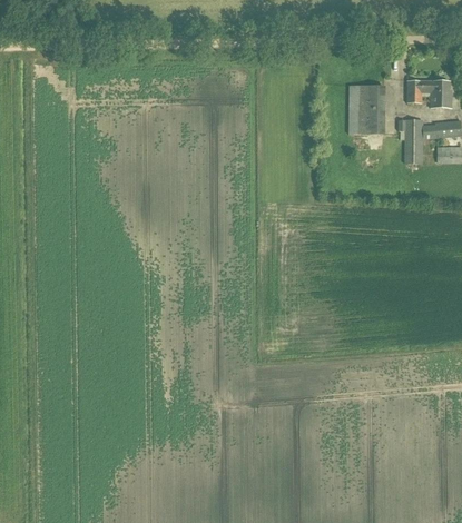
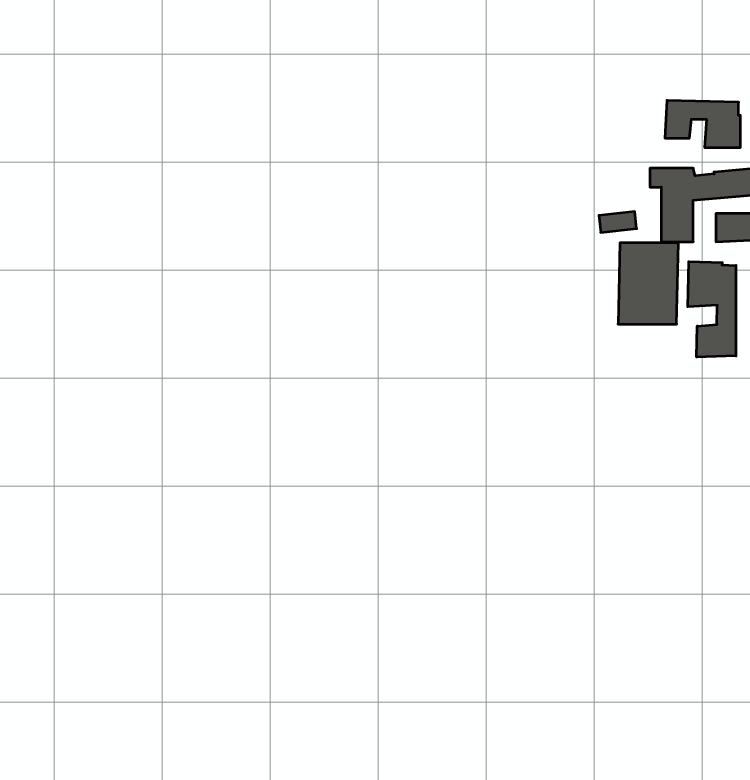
building: [348,86,384,134] -> [618,243,678,324]
building: none -> [688,262,736,357]

